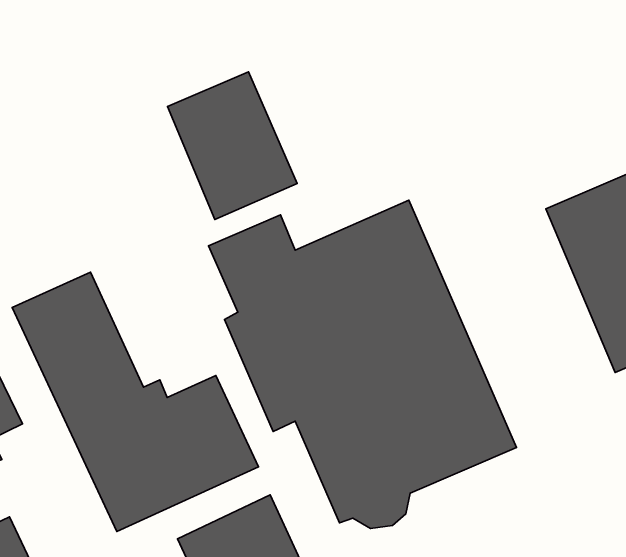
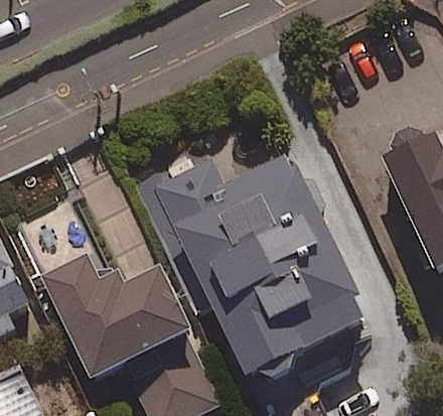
building: [167,72,297,219] -> none

